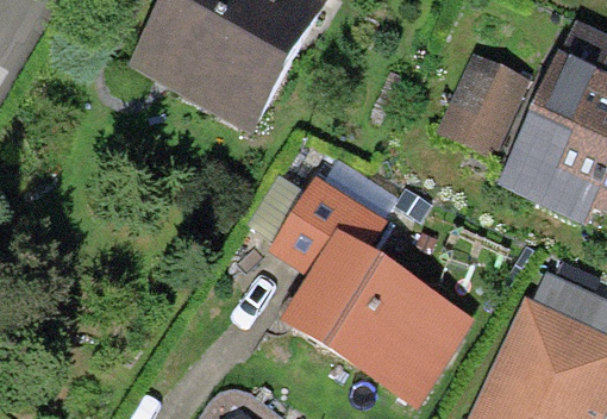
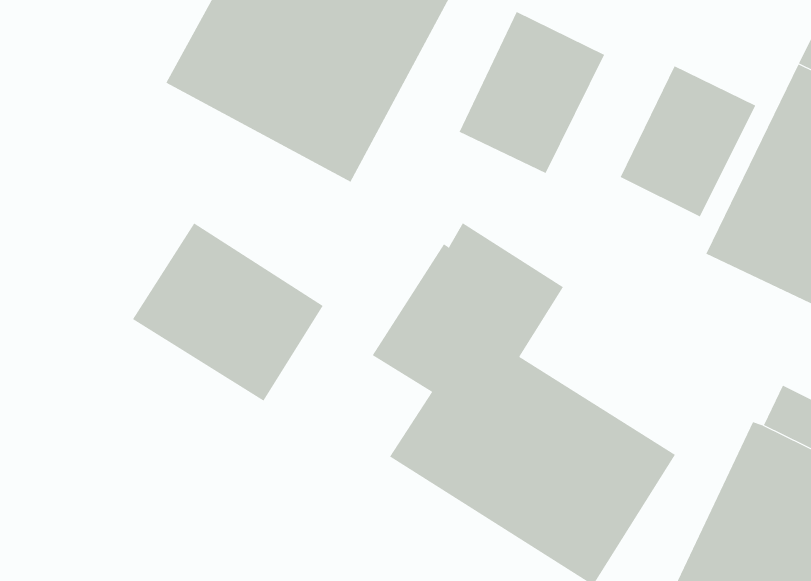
building: none -> [459,11,605,174]
building: none -> [132,223,323,401]

